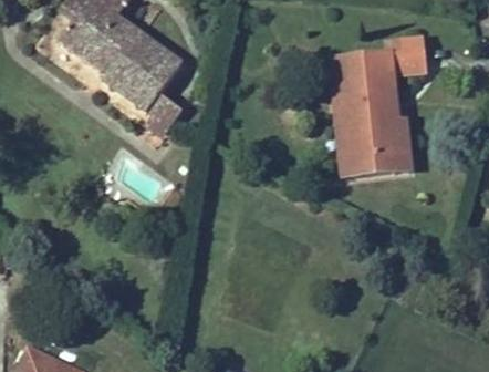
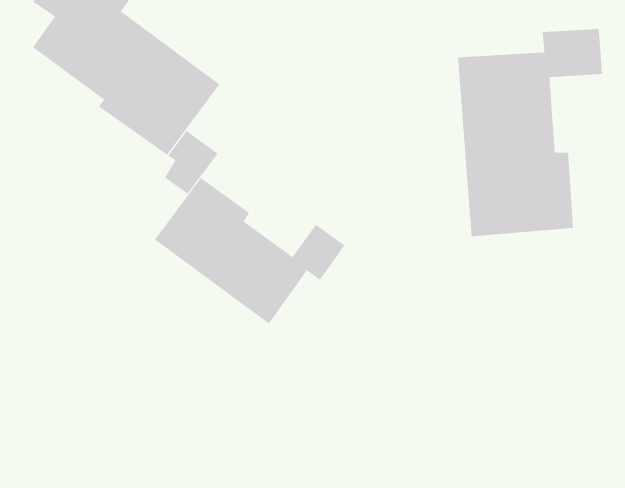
building: none -> [154,177,345,324]

